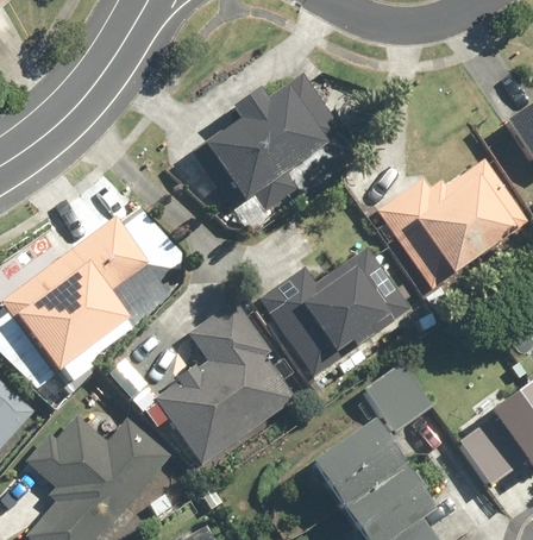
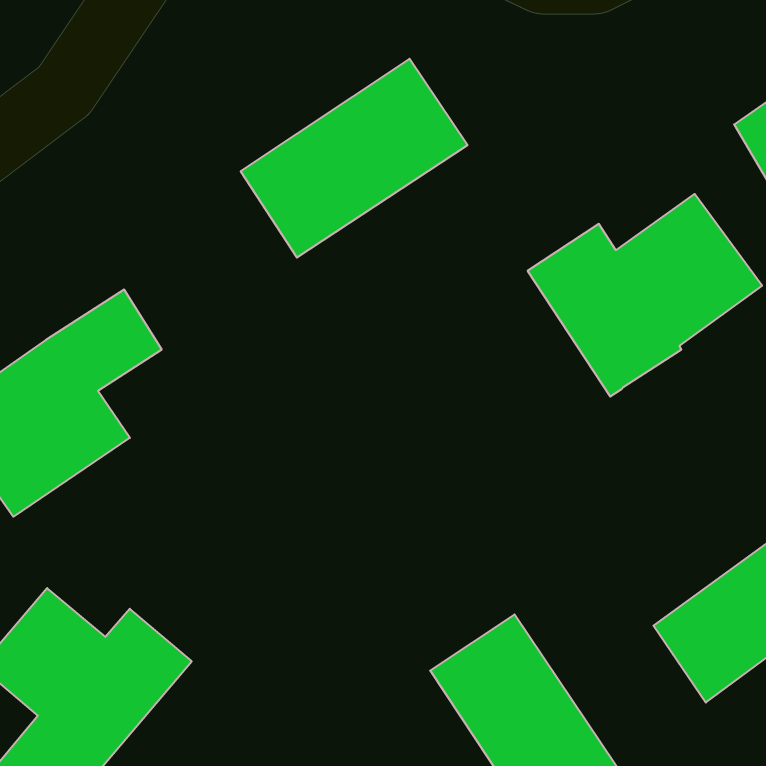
building: [259,247,415,376] -> none
building: [159,299,295,461] -> none
building: [369,365,429,426] -> none

